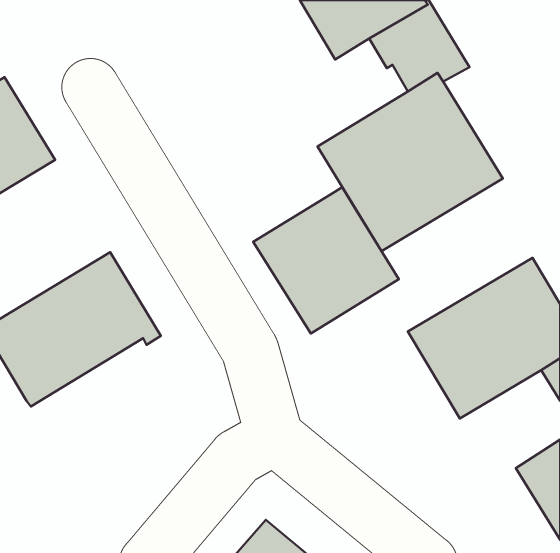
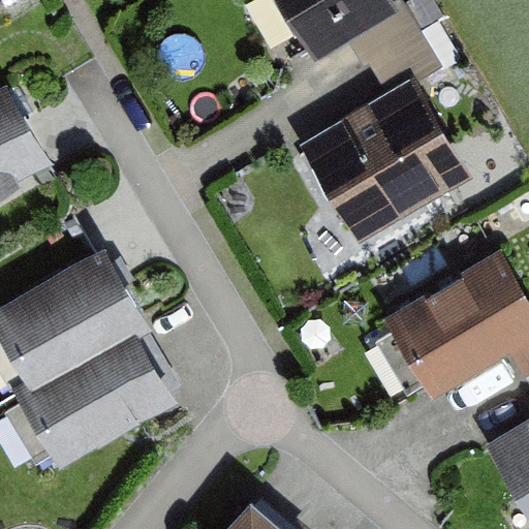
building: [253,187,399,333] -> none
building: none -> [11,326,178,470]

